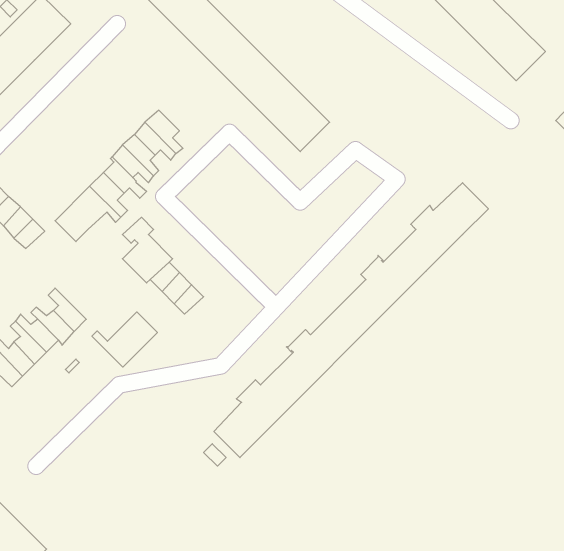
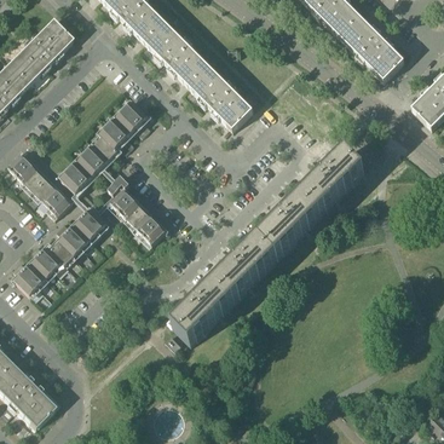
building: none -> [41,185,74,218]
building: [92,312,157,367] -> [62,208,108,247]

